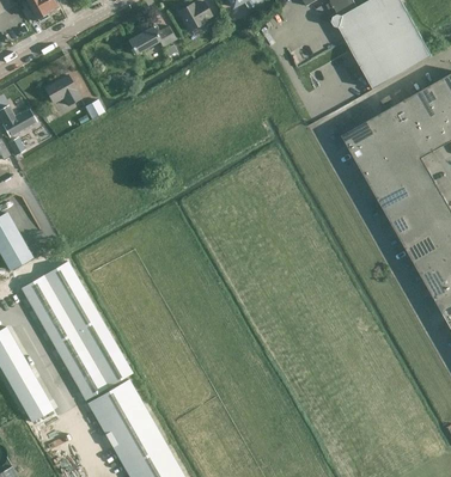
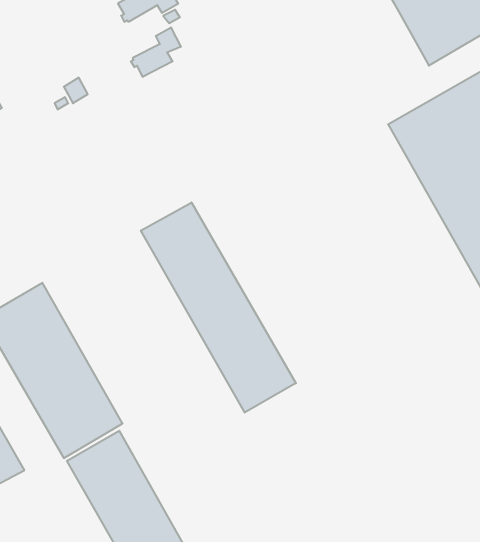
building: none -> [131,27,181,77]
building: [44,75,81,108] -> none
building: none -> [141,202,296,413]

